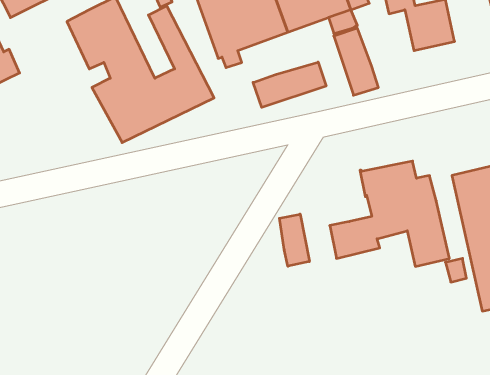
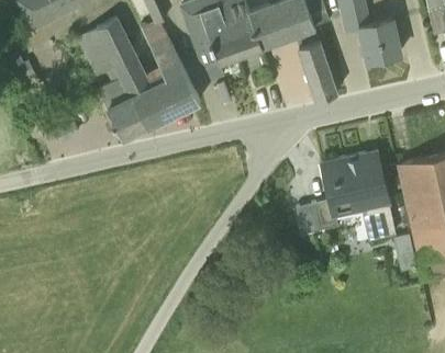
building: [253,62,326,107] -> none
building: [279,214,309,266] -> none

